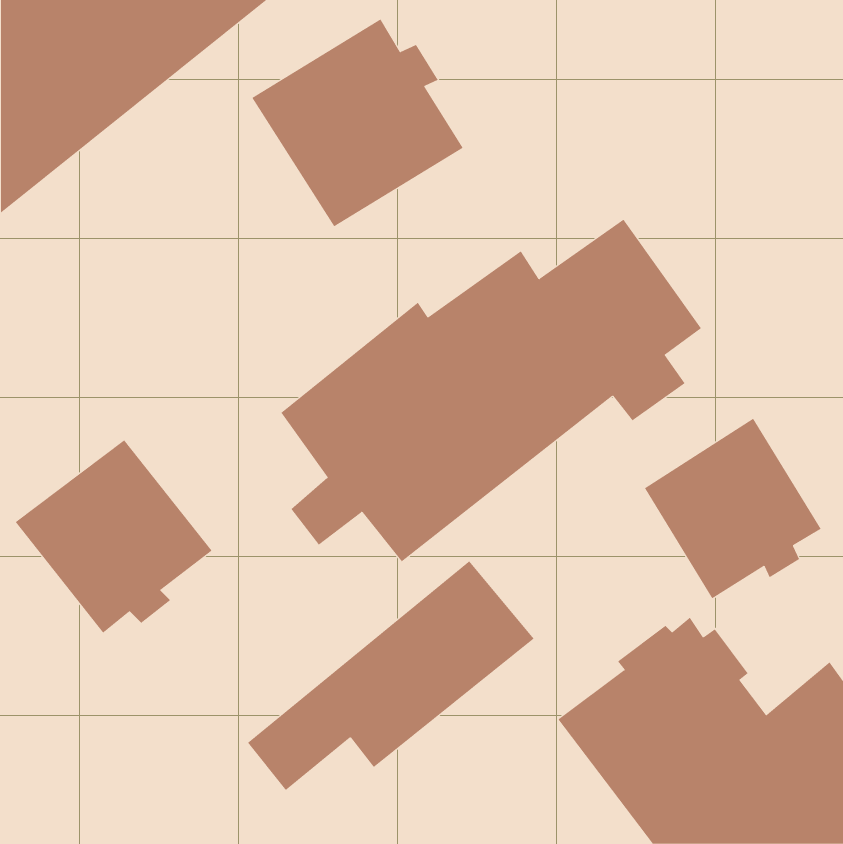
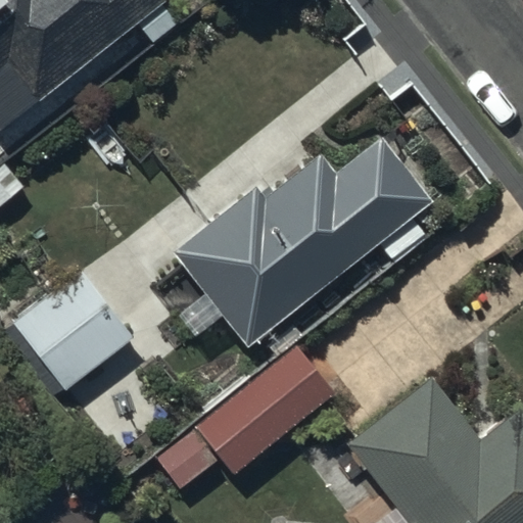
building: [251,19,463,227] -> none
building: [644,418,821,599] -> none

